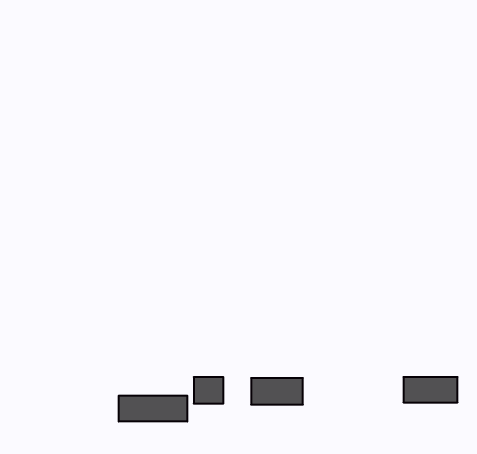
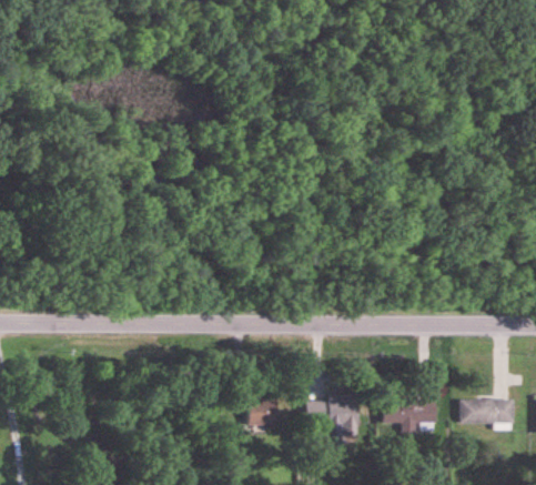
building: none -> [384,400,436,437]
building: [119,396,187,422] -> none

